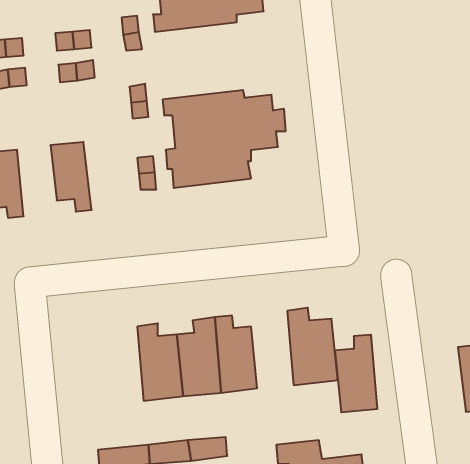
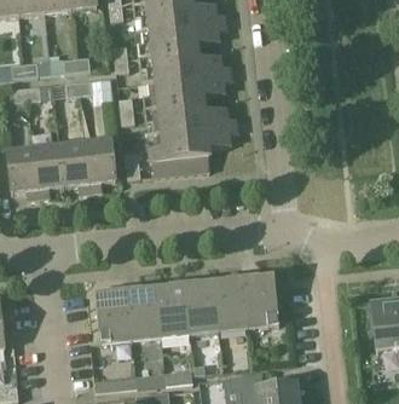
building: none -> [138,51,233,110]
building: none -> [83,139,116,195]
building: none -> [33,145,63,200]
building: none -> [93,284,129,344]
building: [335,335,377,412] -> [212,272,244,331]

